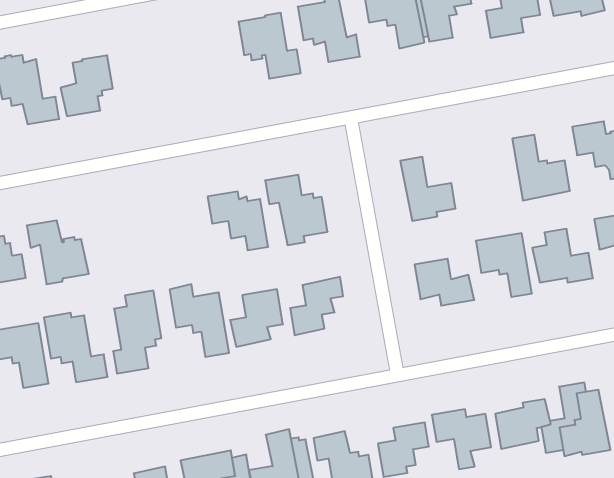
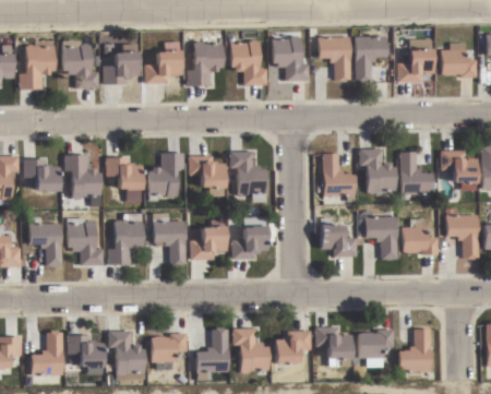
building: none -> [189,43,223,85]
building: none -> [145,41,183,83]
building: none -> [360,148,395,191]
building: none -> [148,153,183,199]
building: none -> [107,157,142,202]

